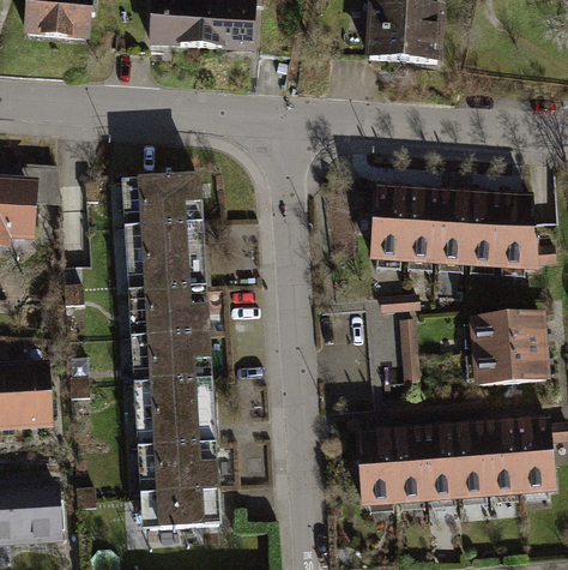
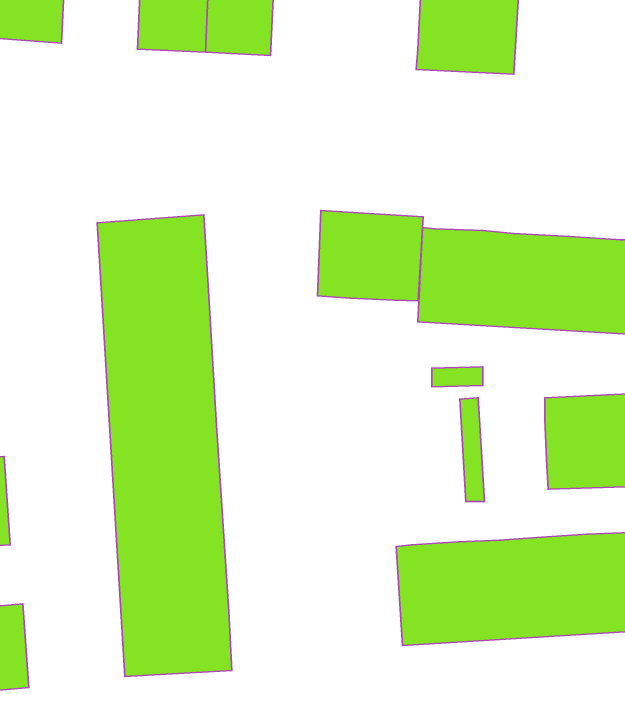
building: none -> [317,210,423,301]

